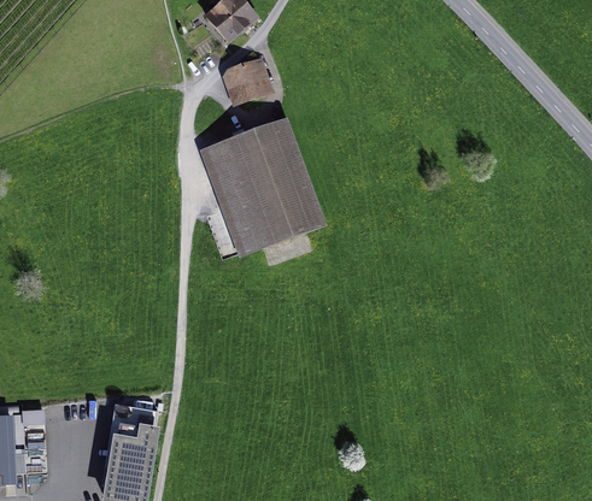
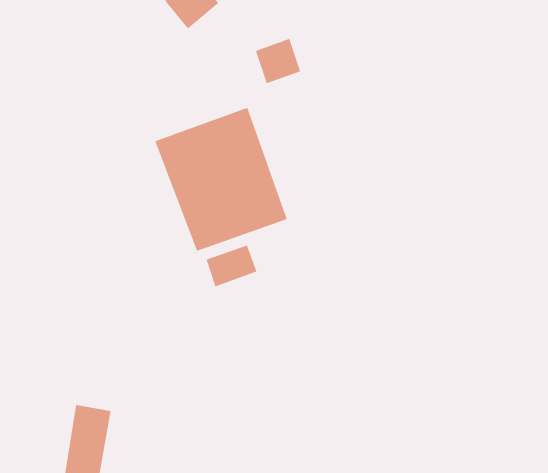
building: [223,59,268,104] -> [255,38,301,84]
building: none -> [205,245,258,287]

